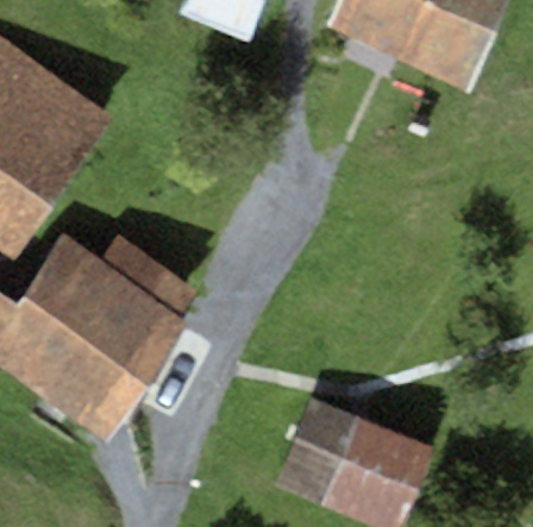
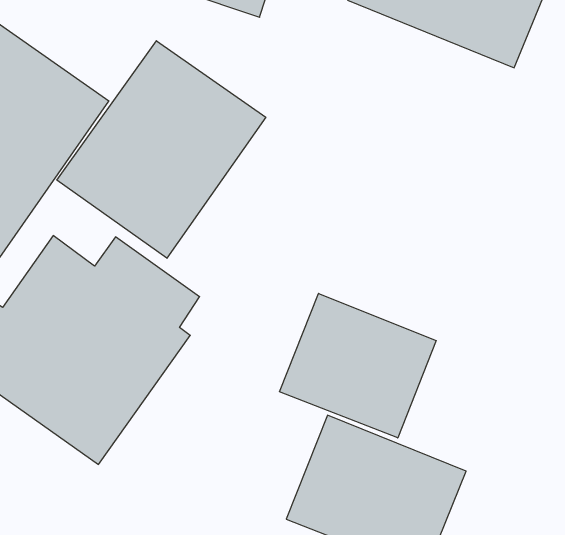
building: none -> [57,41,266,258]
building: none -> [279,293,436,438]

